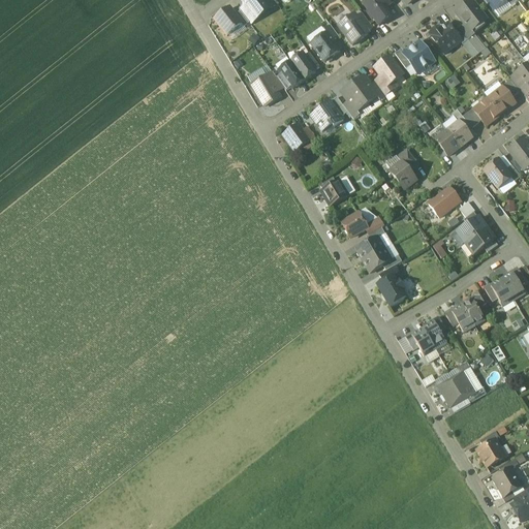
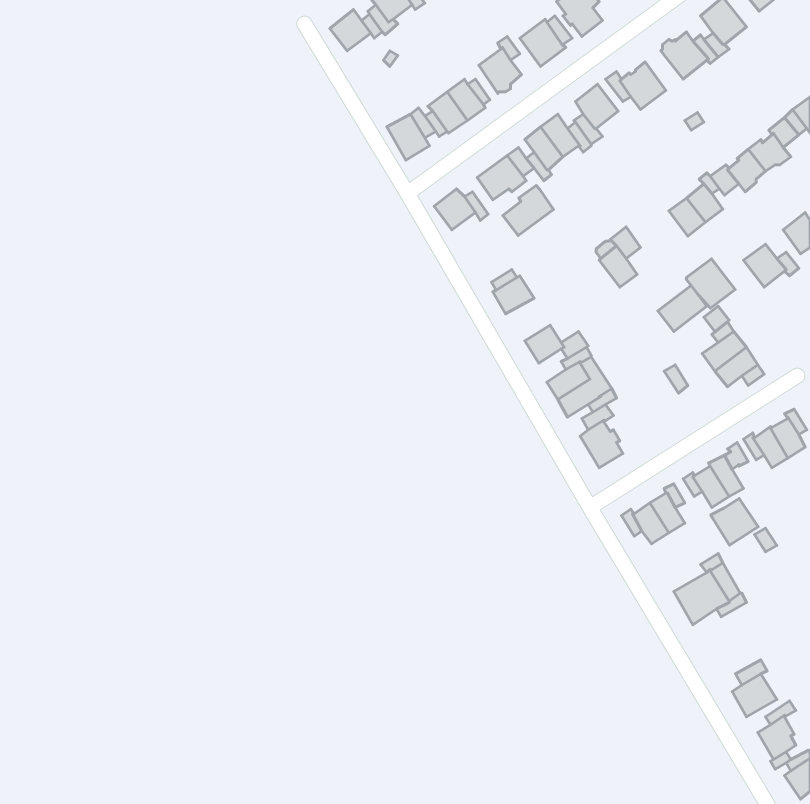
building: none -> [503,186,554,236]
building: none -> [686,259,735,308]
building: none -> [711,498,758,545]

